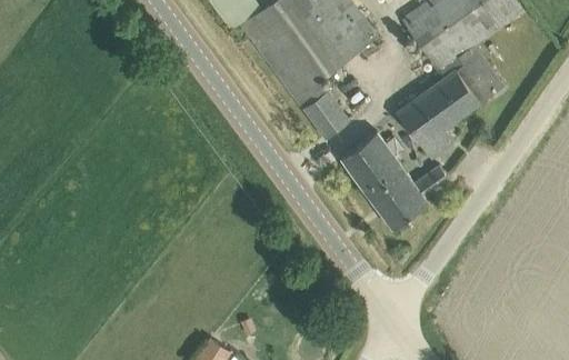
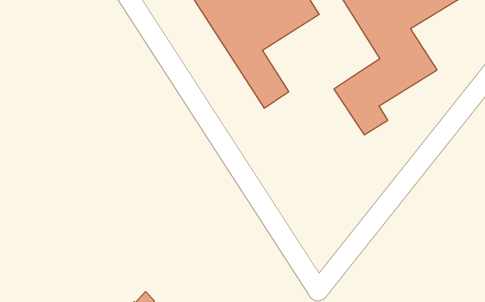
building: [340,131,449,229] -> none

